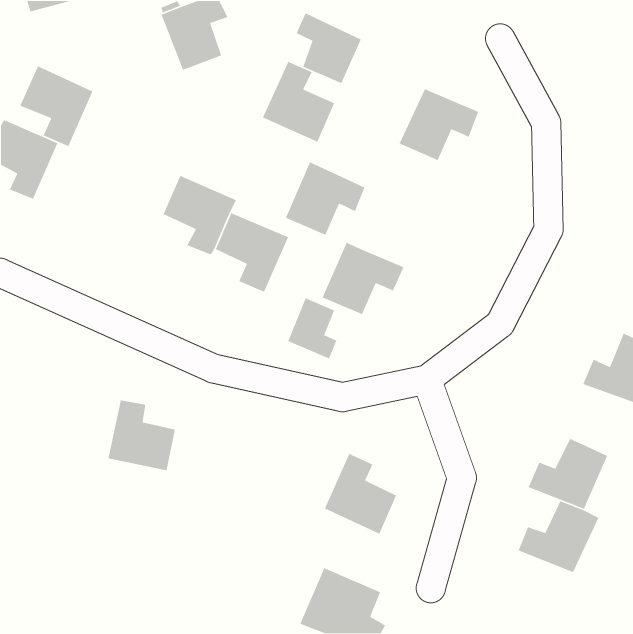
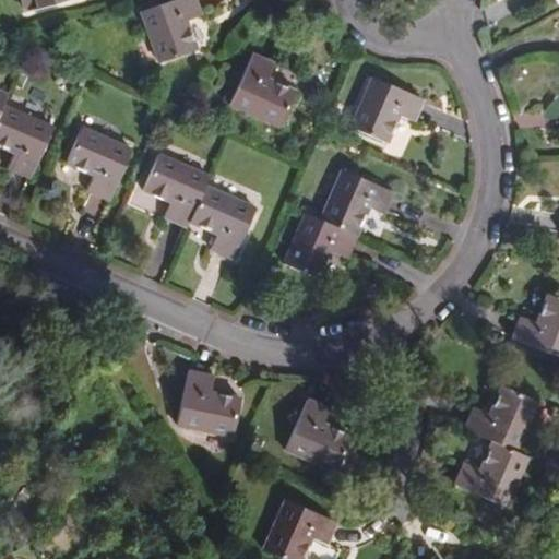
building: [296,12,362,84] -> none
building: [19,65,94,147] -> [67,127,132,199]
building: [285,161,365,236] -> [321,169,392,235]
building: [287,297,338,360] -> none
building: [108,399,176,471] -> [179,371,239,435]

